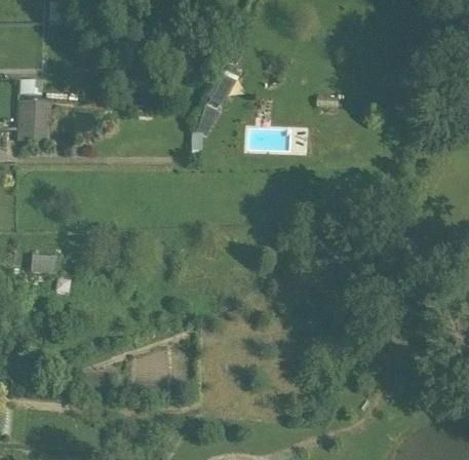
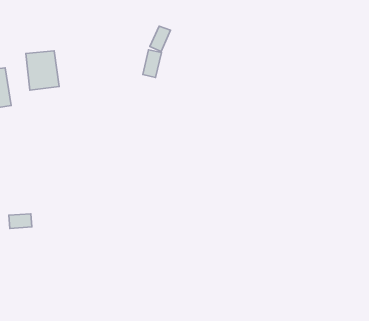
building: none -> [26,51,59,90]

